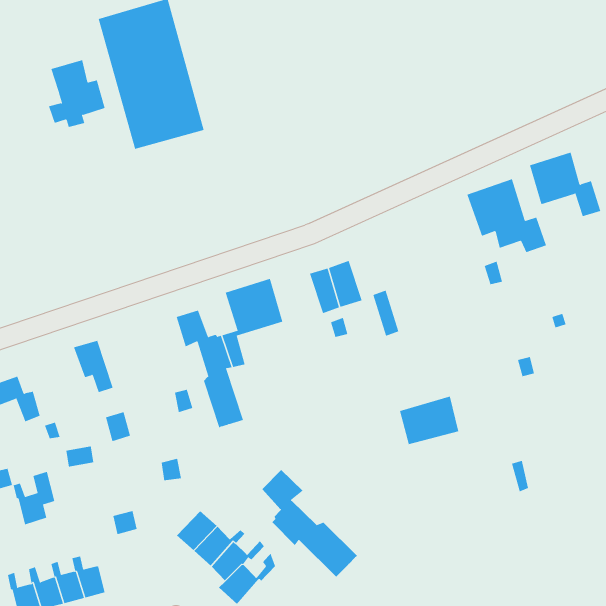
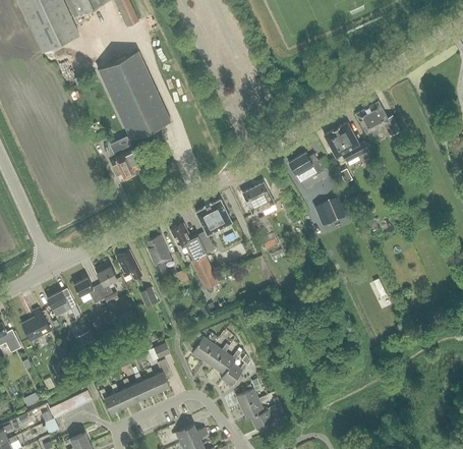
building: [48,59,106,127] -> [110,136,144,176]
building: none -> [289,154,324,182]
building: none -> [146,235,171,281]
building: none -> [95,263,117,298]
building: [399,396,459,445] -> [315,193,351,225]
building: [262,469,358,578] -> none
building: [13,471,55,525] -> [147,359,172,392]

